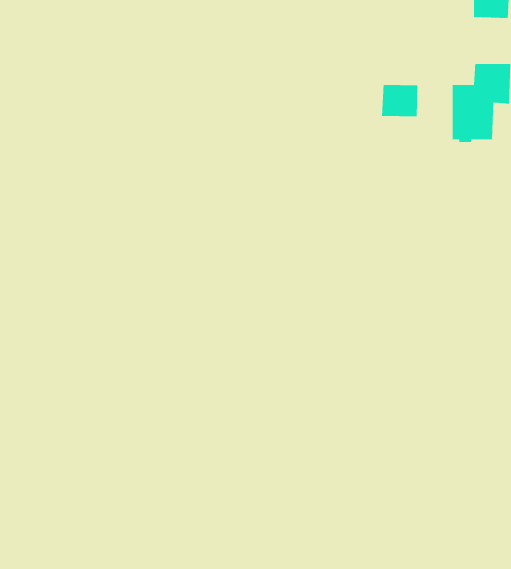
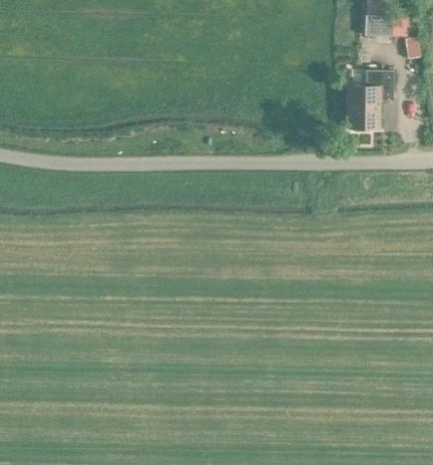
building: [381,84,418,117] -> none

